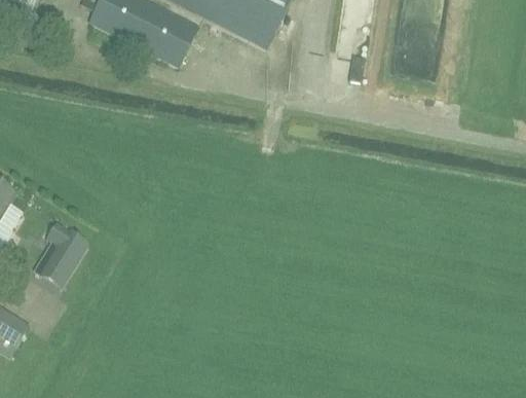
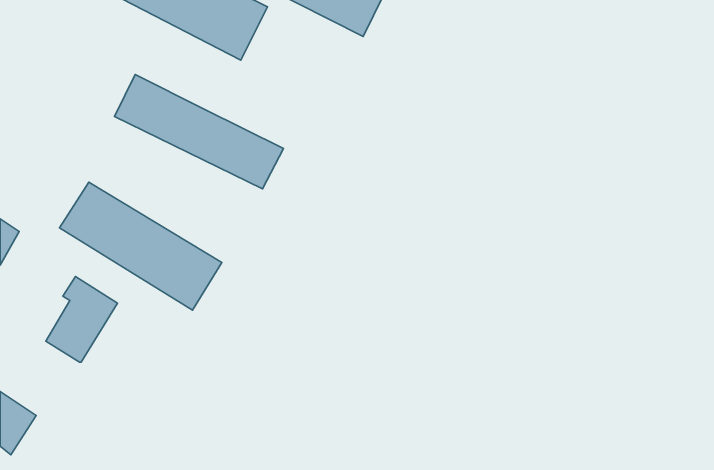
building: none -> [114,75,283,189]
building: none -> [60,182,222,310]

